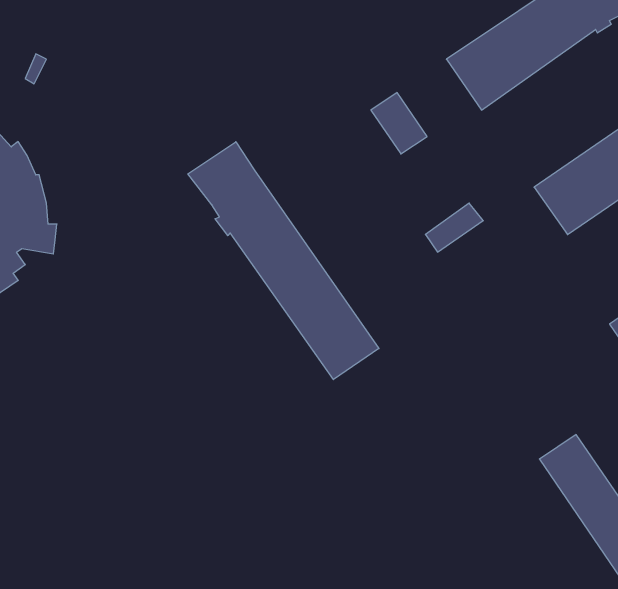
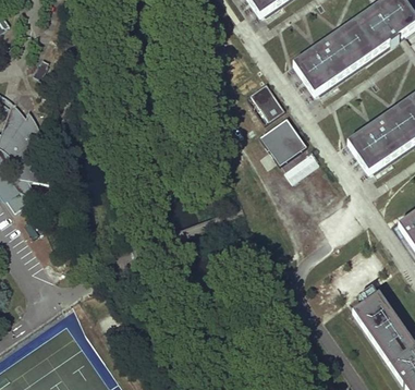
building: [188,142,379,380] -> none
building: none -> [259,113,305,160]

